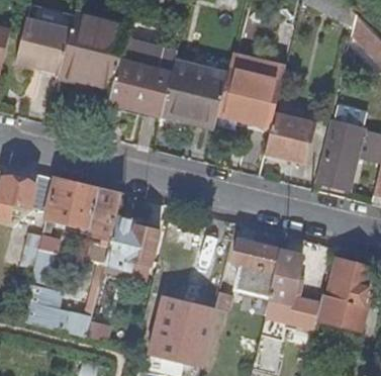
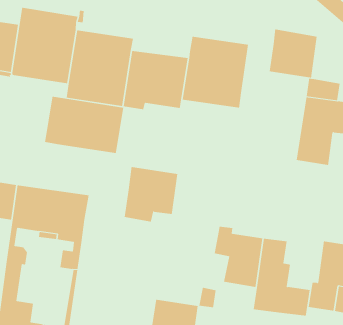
building: none -> [44,96,124,154]
building: [264,113,312,163] -> [269,29,317,78]
building: [104,217,159,271] -> [124,167,178,222]

